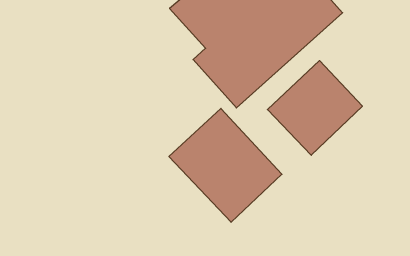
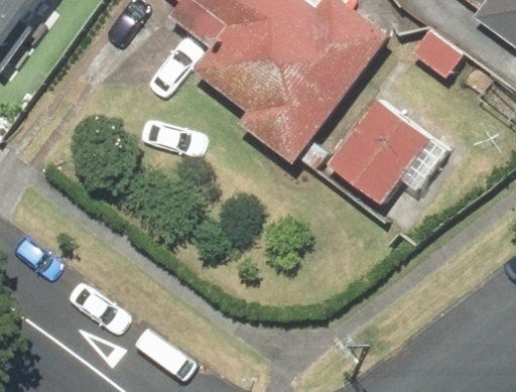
building: [169,108,282,222] -> none

